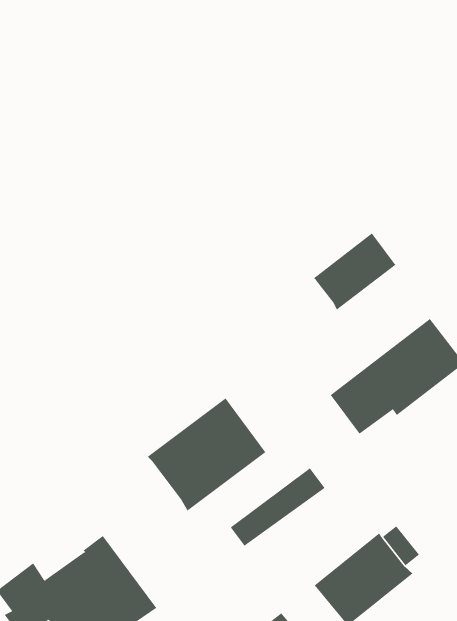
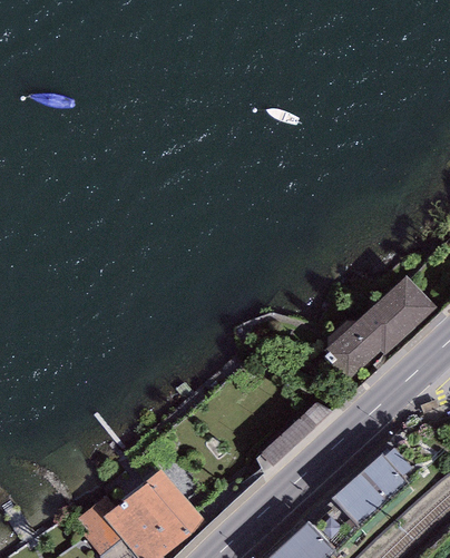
building: [313,233,396,310] -> none
building: [147,397,266,512] -> none

